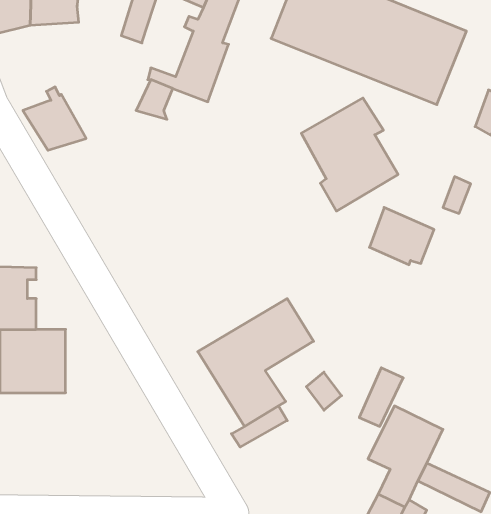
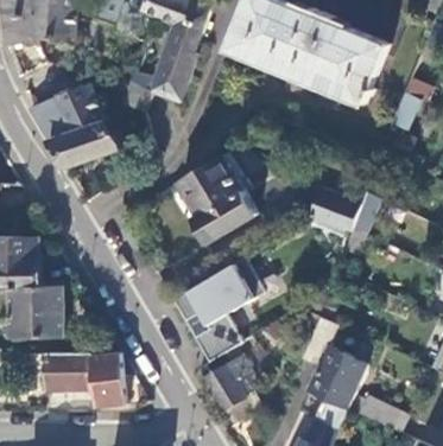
building: none -> [48,84,120,167]
building: [301,98,398,211] -> [177,152,255,243]
building: none -> [45,353,125,407]
building: none -> [203,358,251,412]

